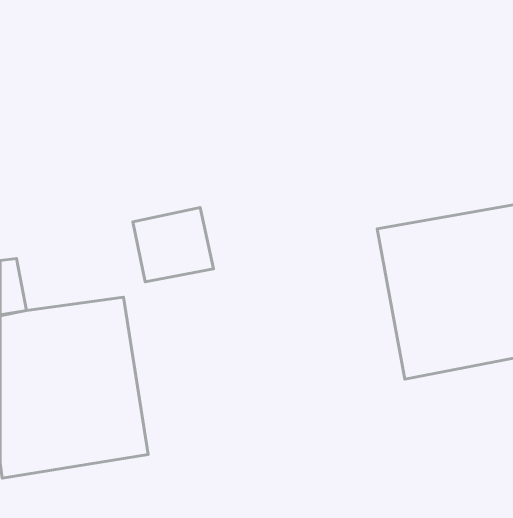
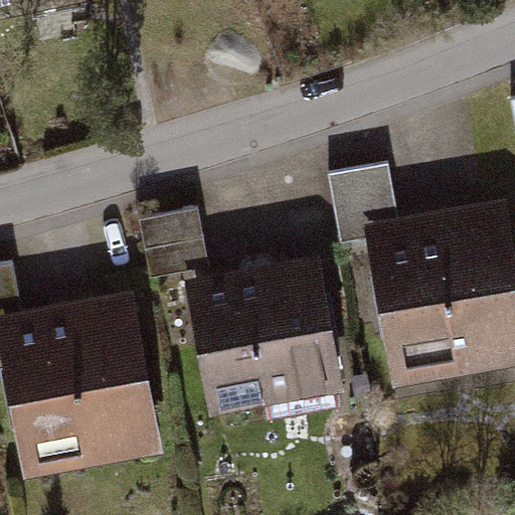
building: none -> [341,165,408,233]
building: none -> [166,264,339,420]

